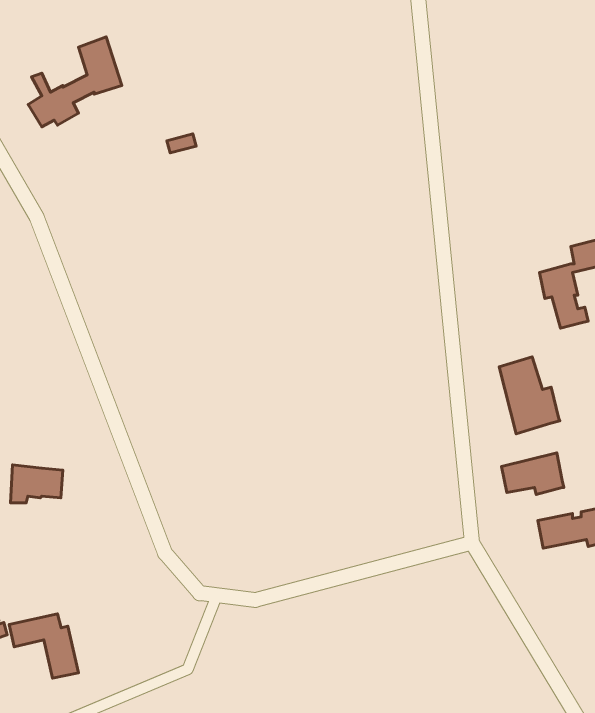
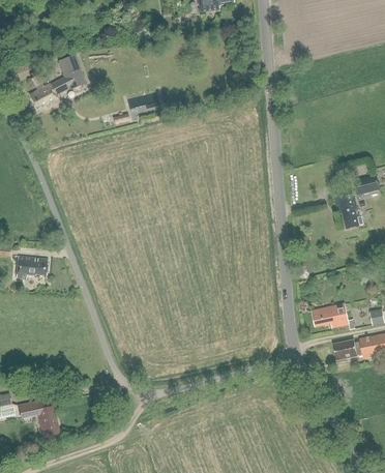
building: [499,357,560,434] -> none
building: [11,465,63,503] -> [17,256,48,278]

